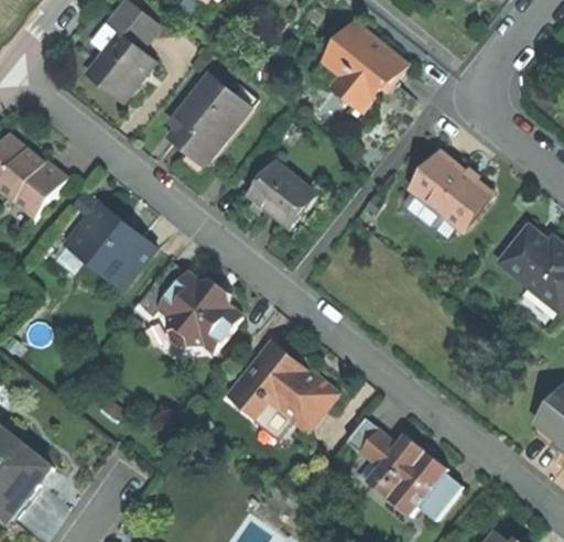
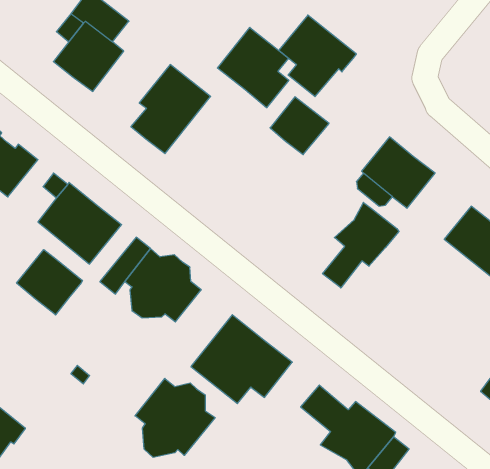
building: none -> [217,27,289,108]
building: [249,162,312,224] -> [270,97,329,155]
building: none -> [323,202,399,288]
building: none -> [17,250,82,315]
building: none -> [135,378,215,457]

